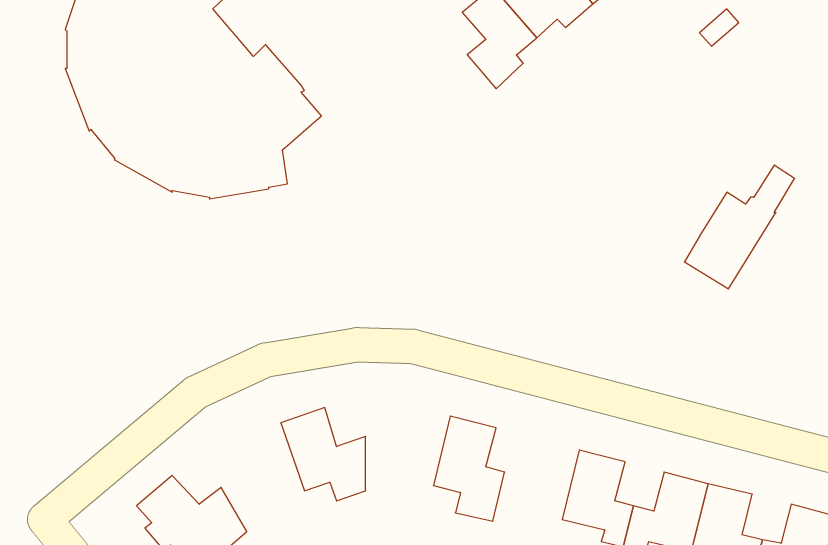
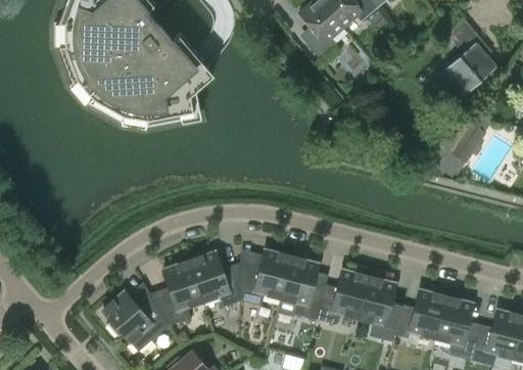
building: none -> [444,38,496,94]
building: none -> [240,249,291,305]
building: none -> [153,260,203,325]
building: none -> [317,269,369,324]

